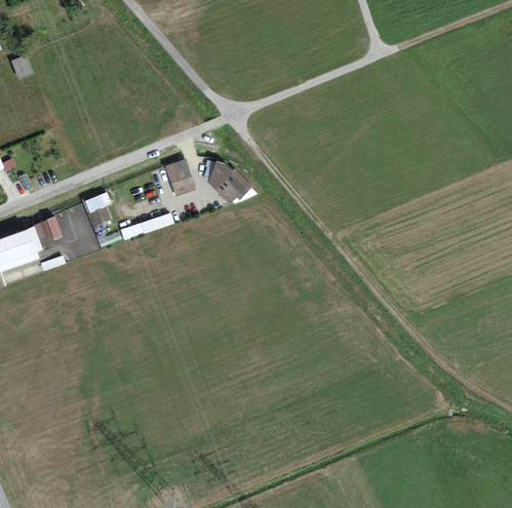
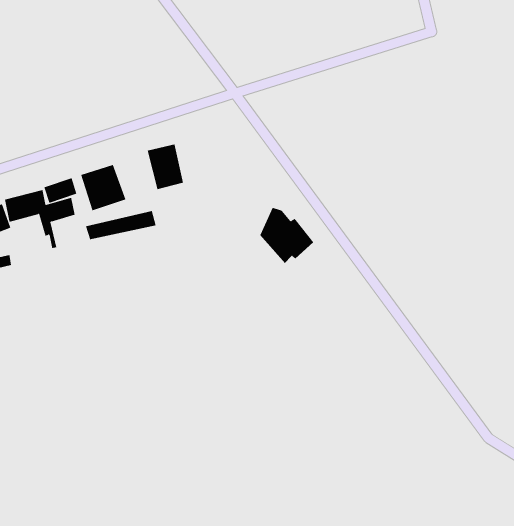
building: [206,160,249,203] -> [259,207,314,264]
building: none -> [81,164,126,211]

